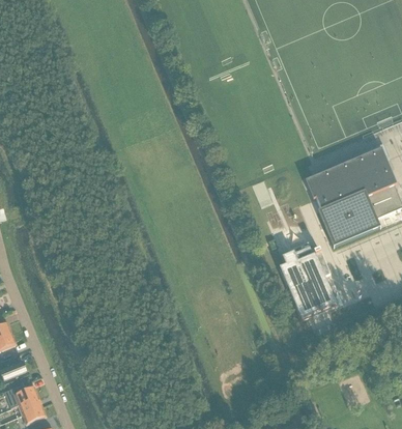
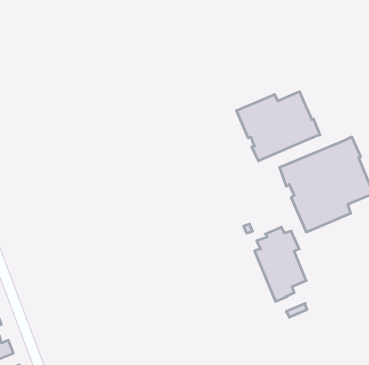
building: none -> [237,92,320,161]

